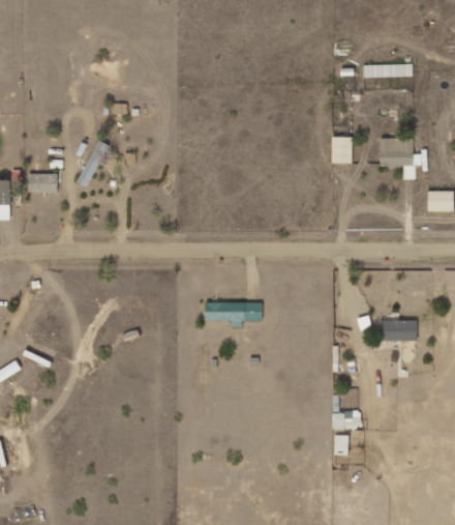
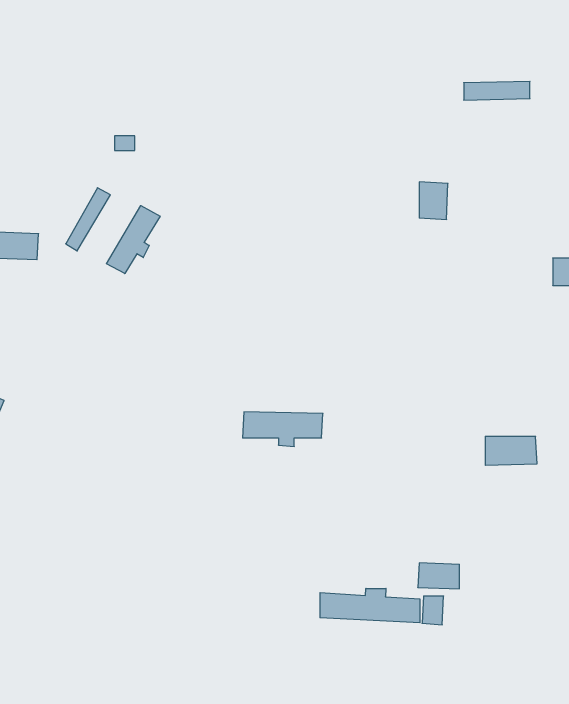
building: [380,138,415,179] -> none
building: none -> [106,206,160,274]
building: none -> [320,588,420,623]

